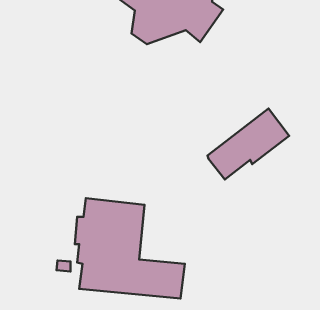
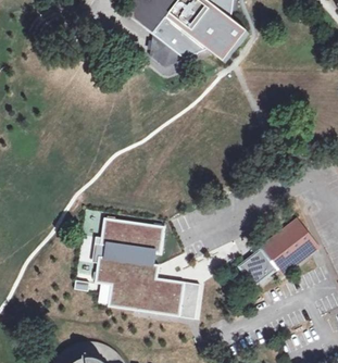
building: [208,109,289,180] -> [236,216,317,287]

